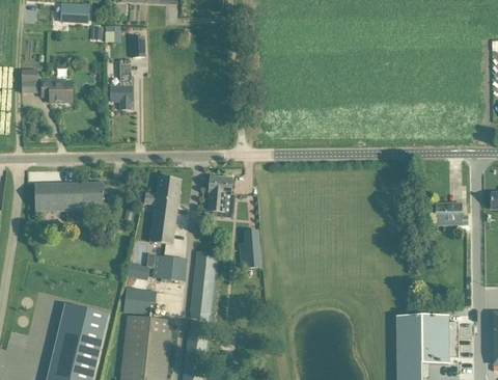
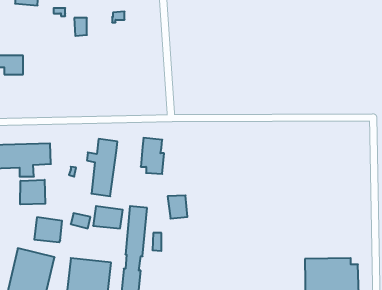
building: [109,73,131,109] -> none
building: [437,203,468,224] -> none
building: none -> [20,180,45,204]
building: [122,287,155,316] -> [34,217,62,242]

